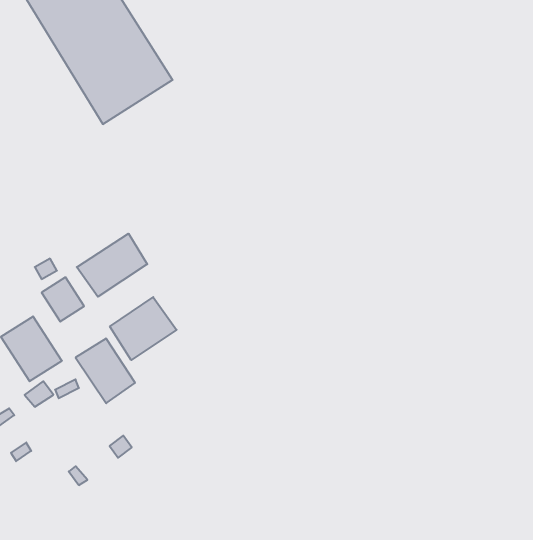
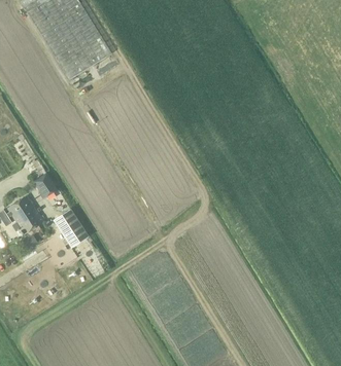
building: [77,234,147,297] -> none
building: [110,297,177,360] -> none

